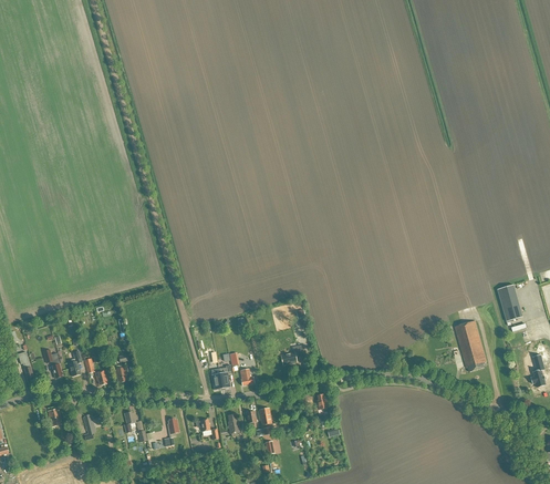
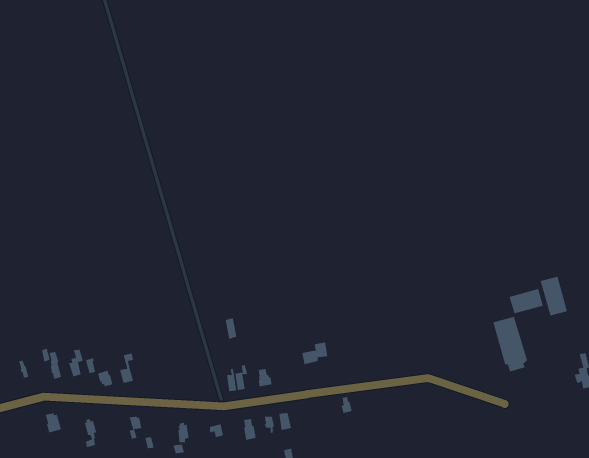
building: none -> [509,288,543,314]

